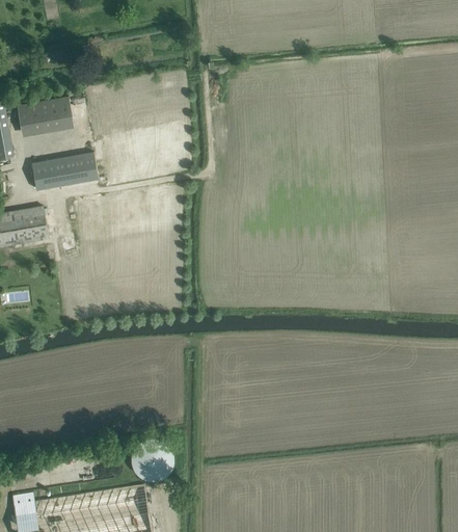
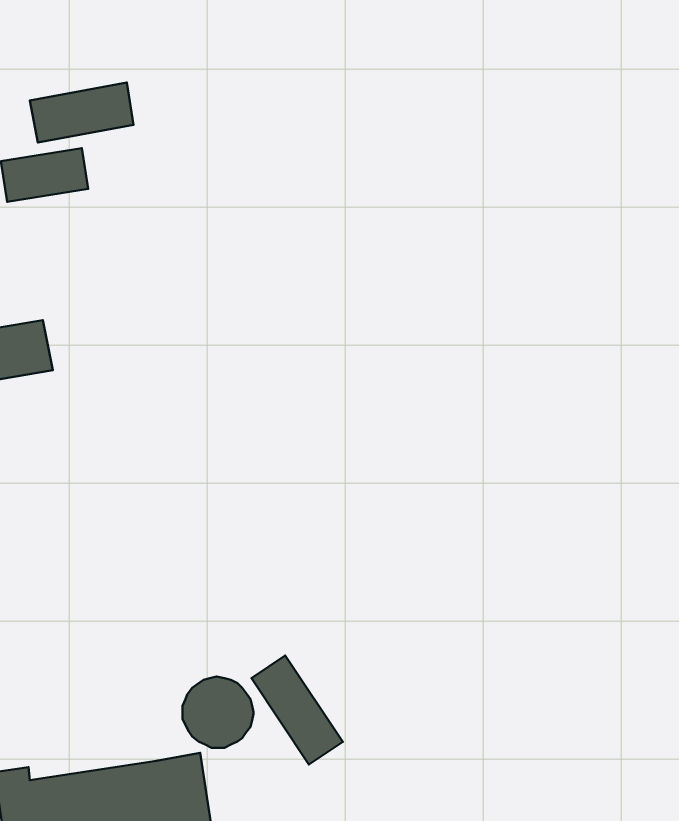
building: [30,153,97,191] -> [30,83,133,143]
building: none -> [251,656,343,764]

